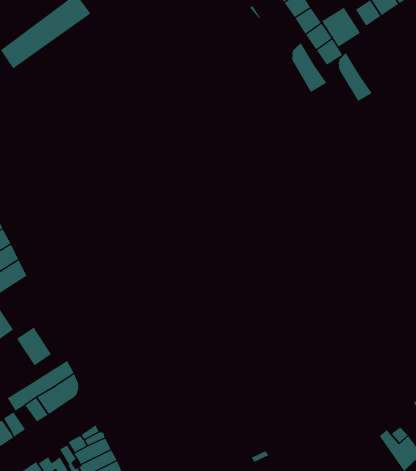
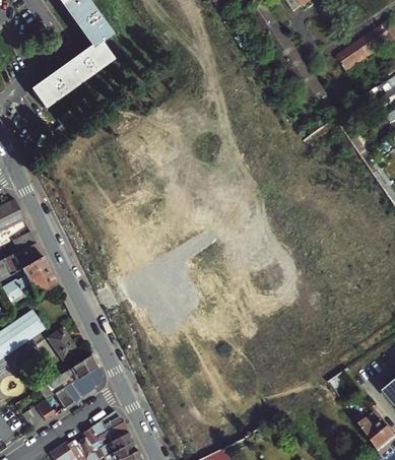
building: [322,7,361,47] -> none
building: [292,42,327,93] -> none
building: [338,52,372,102] -> none

